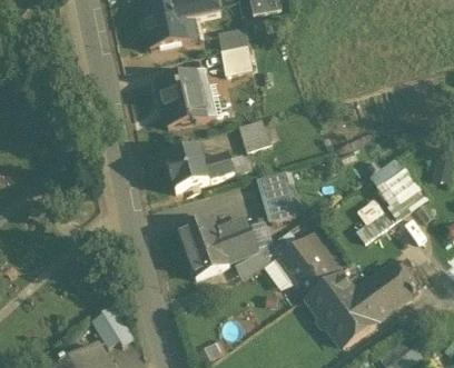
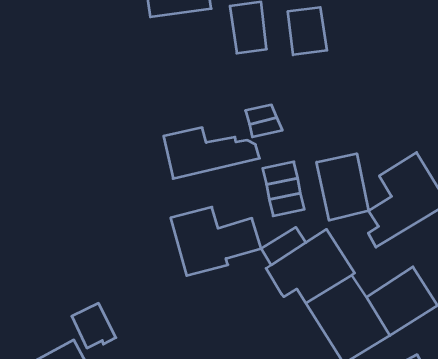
building: none -> [288,7,327,55]
building: [159,72,214,129] -> none
building: none -> [317,154,368,220]

